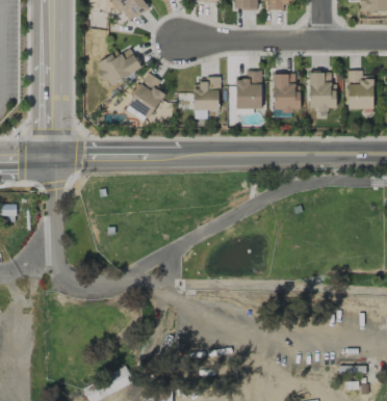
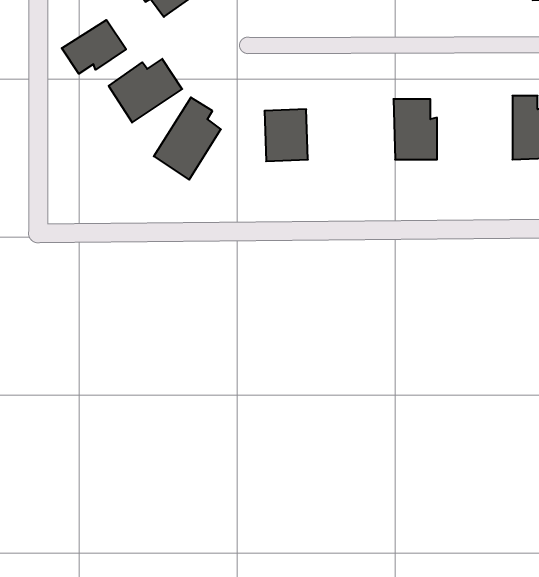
building: none -> [62,20,126,74]
building: [235,71,261,108] -> none
building: [308,72,336,110] -> none

